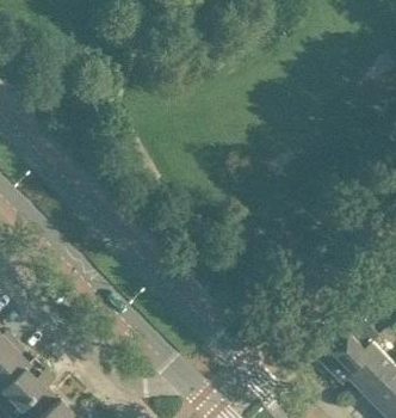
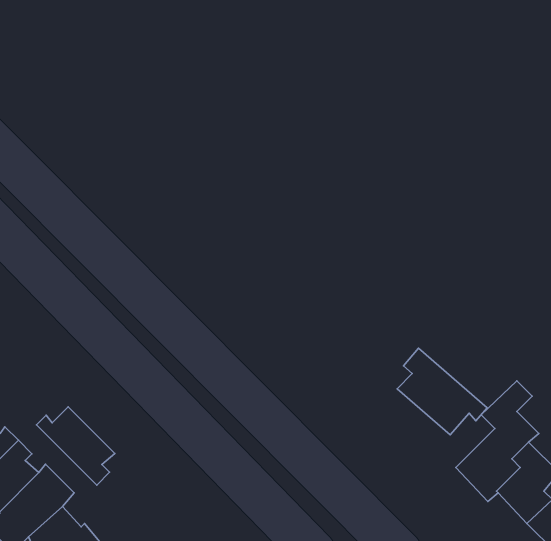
building: none -> [397,348,487,435]
building: none -> [37,407,115,485]

